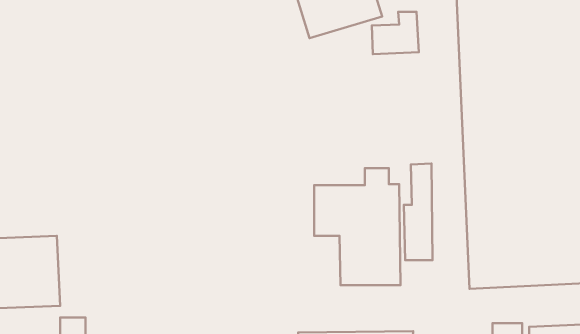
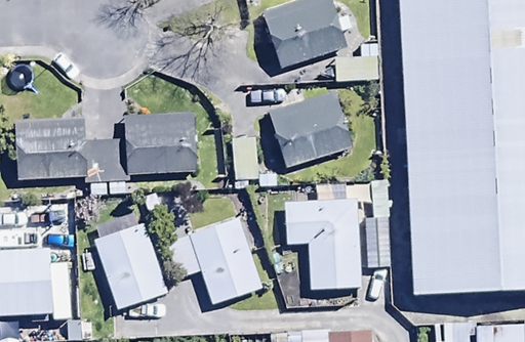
building: none -> [268,90,353,168]
building: none -> [13,112,195,195]
building: none -> [160,215,261,304]
building: none -> [92,220,169,310]

